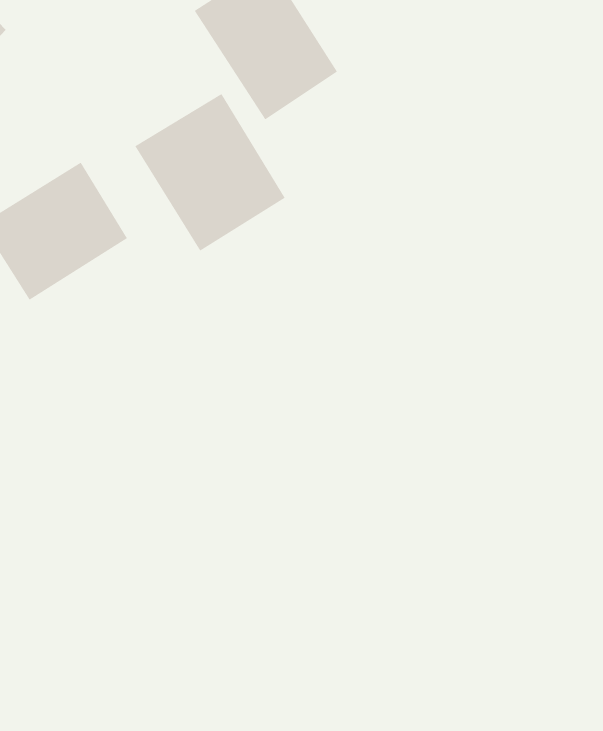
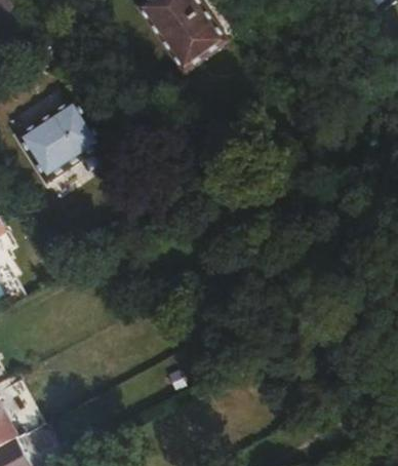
building: [135,93,285,252] -> none

